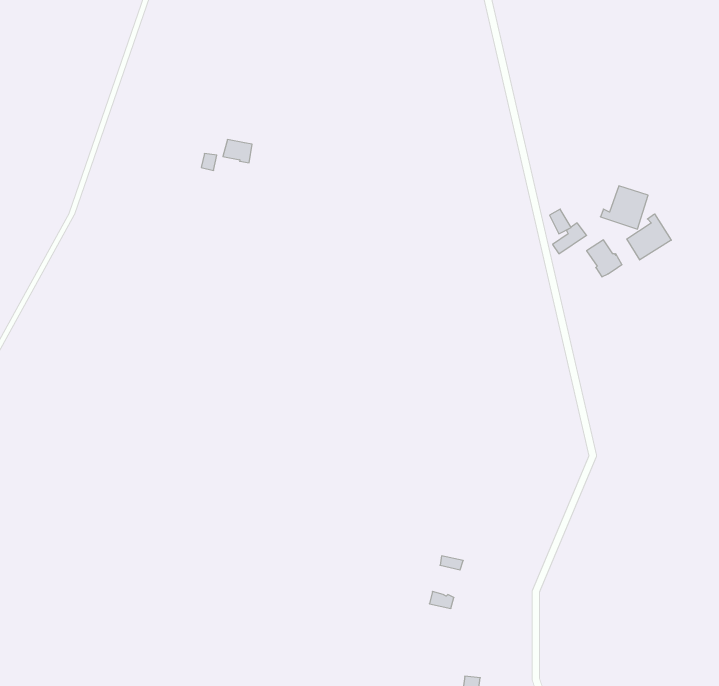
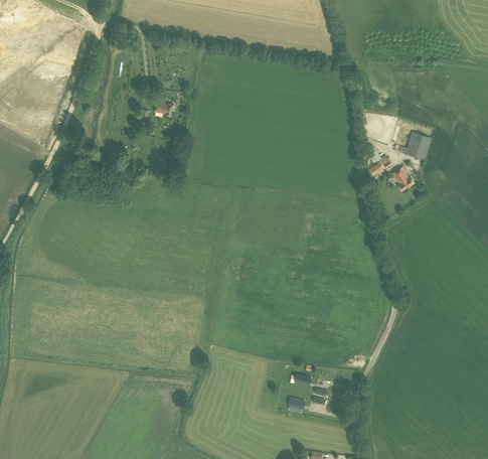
building: [627,214,671,260] -> none

